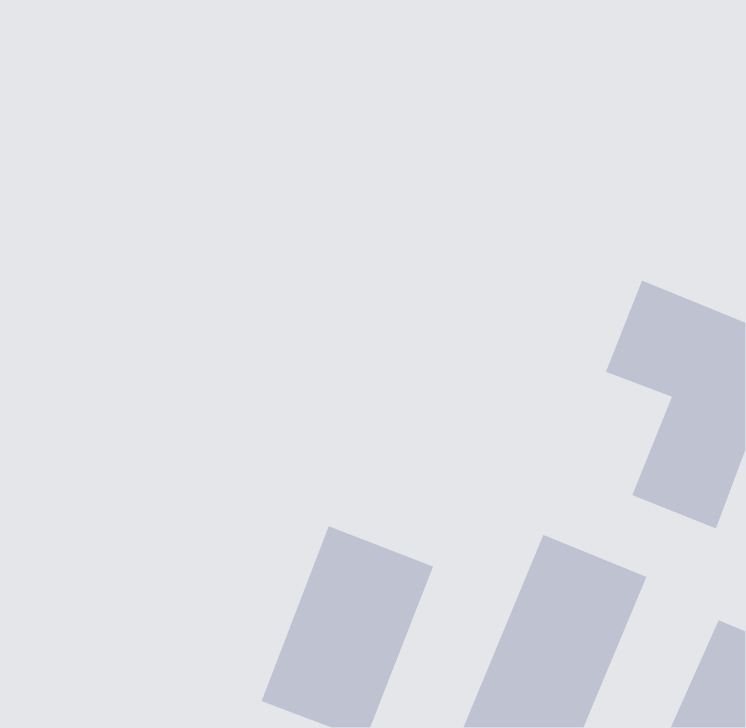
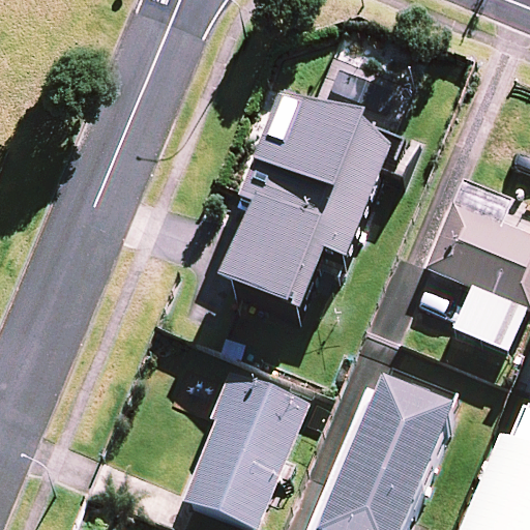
building: none -> [225,91,401,315]

